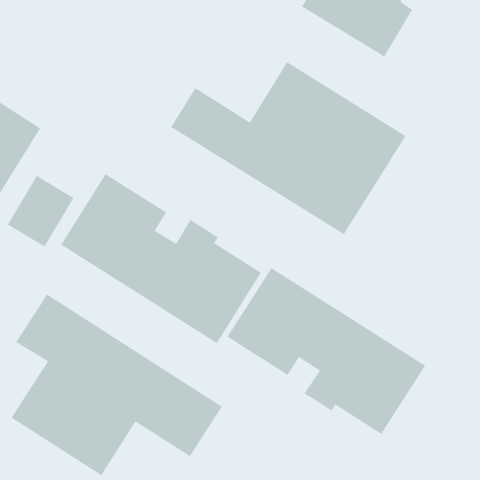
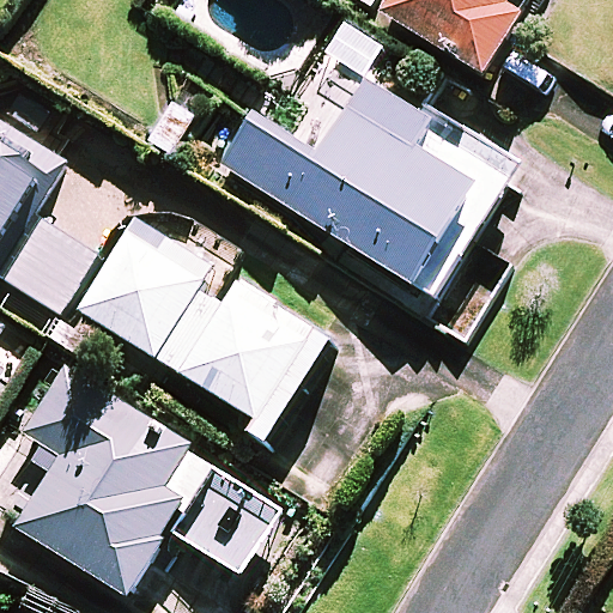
building: [227,267,426,435] -> none

